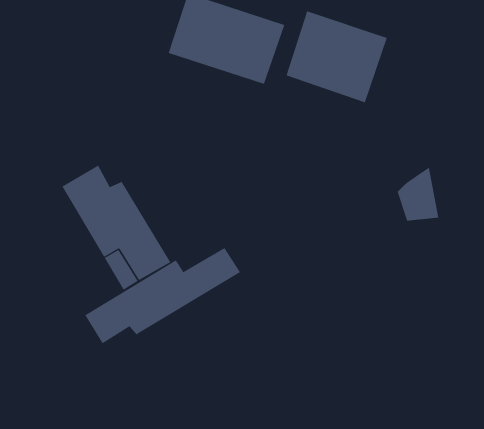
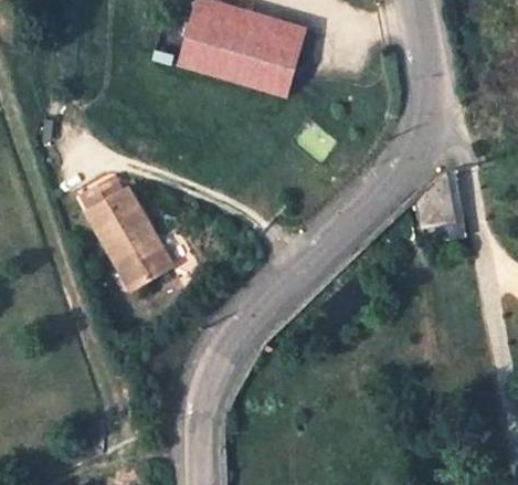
building: [286,11,388,103] -> none
building: [84,247,241,344] -> none

